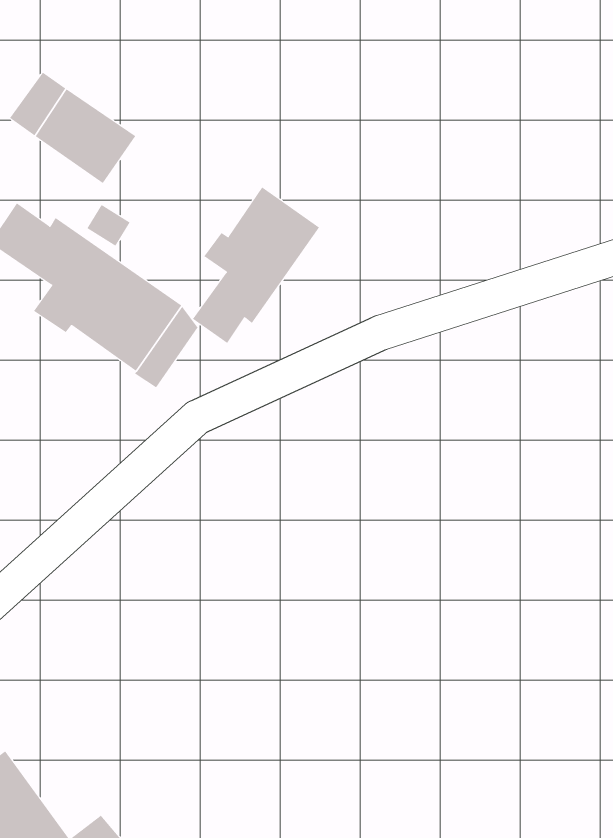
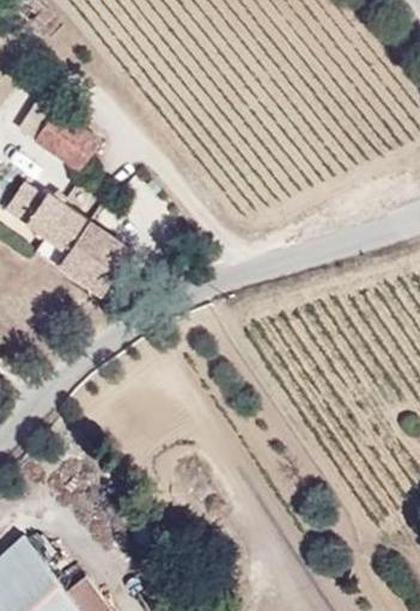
building: [192,187,320,344] -> none

